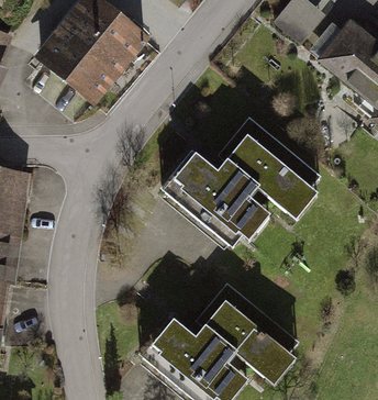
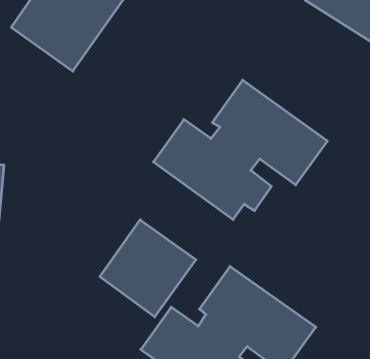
building: none -> [100,220,196,317]

